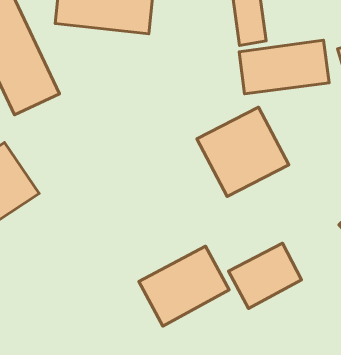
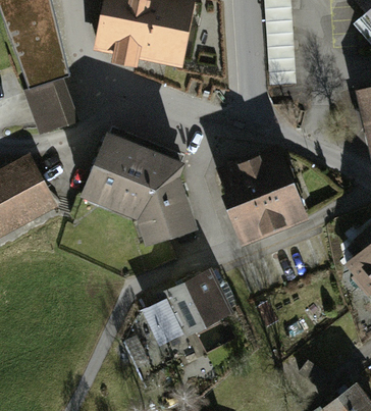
building: [239,40,329,94] -> none
building: none -> [86,134,213,250]
building: [229,243,302,308] -> none

